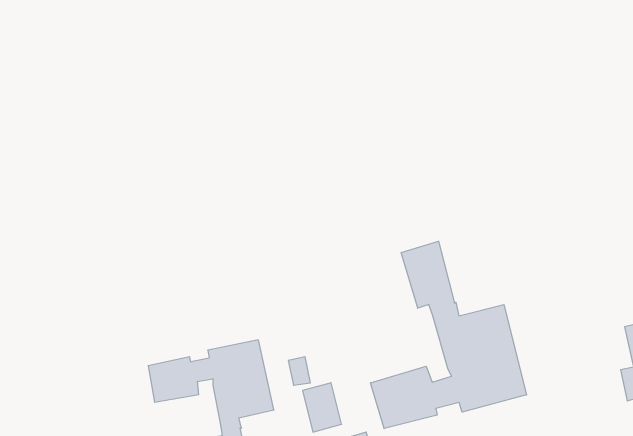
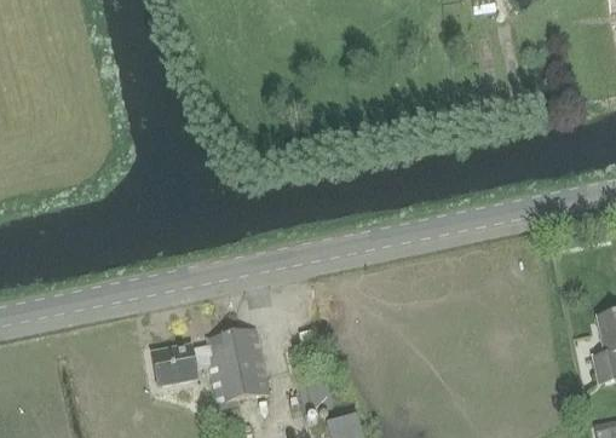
building: [371,241,527,429] -> none

